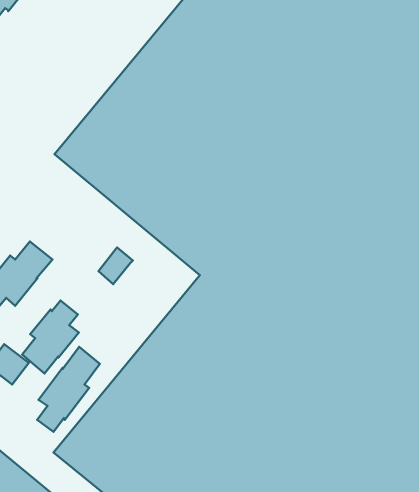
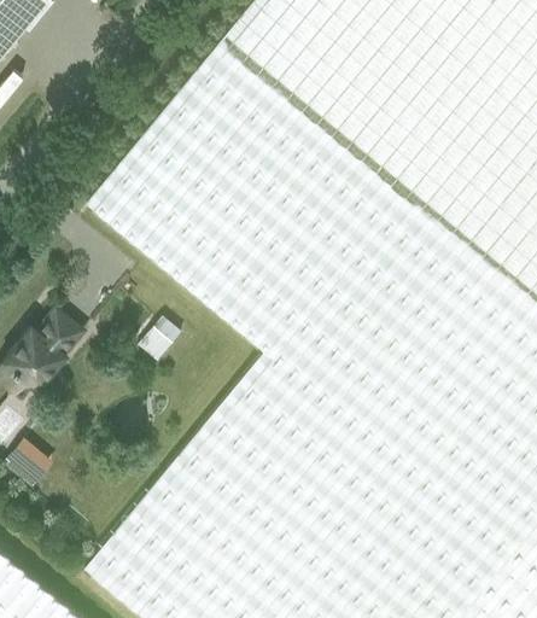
building: [22,300,79,374] -> none
building: [37,347,100,432] -> none

